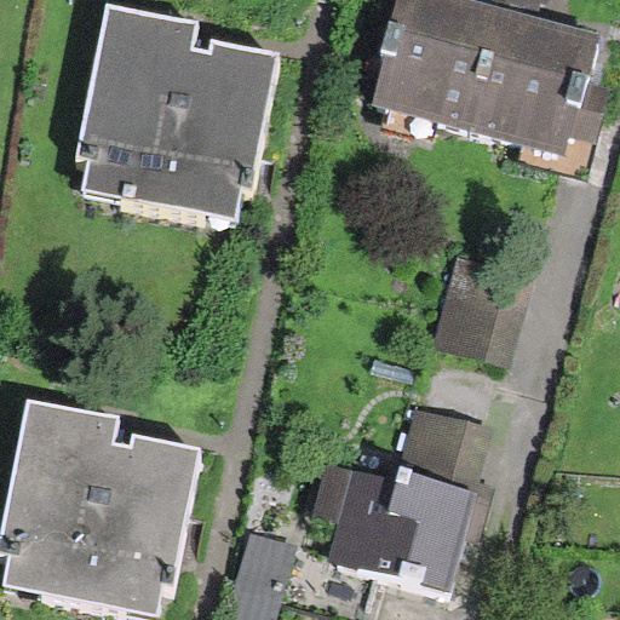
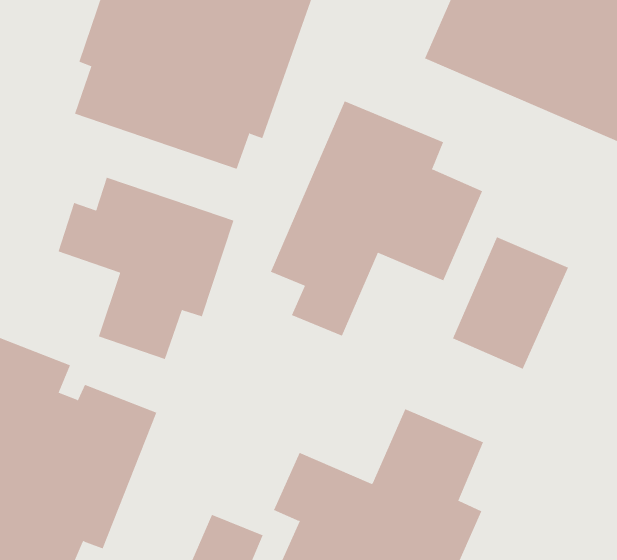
building: none -> [270,100,483,336]
building: none -> [58,177,234,360]

